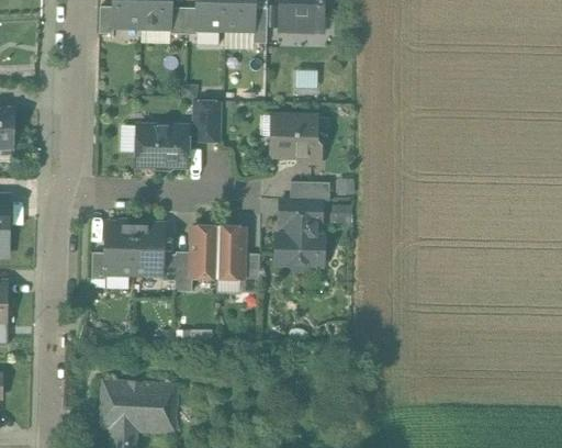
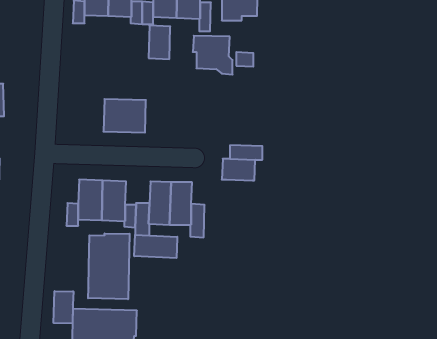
building: [193,101,220,142] -> [149,26,170,59]
building: [271,116,319,164] -> [193,36,233,75]
building: [276,224,323,275] -> none
building: none -> [88,233,130,299]
building: none -> [134,235,177,258]
building: none -> [54,291,73,323]

